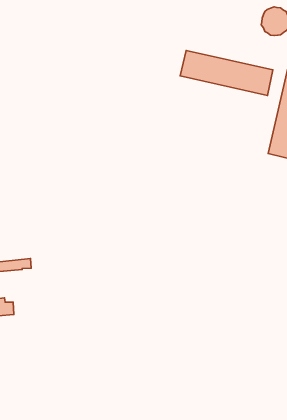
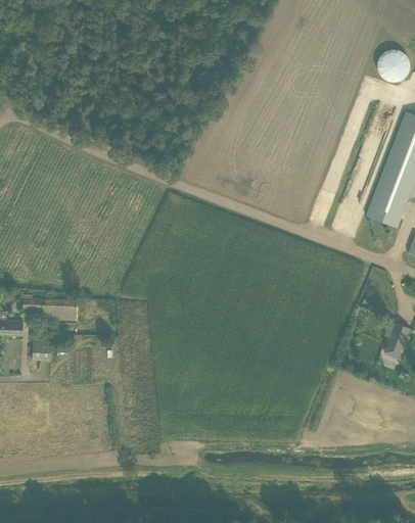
building: [180,51,273,96] -> none

